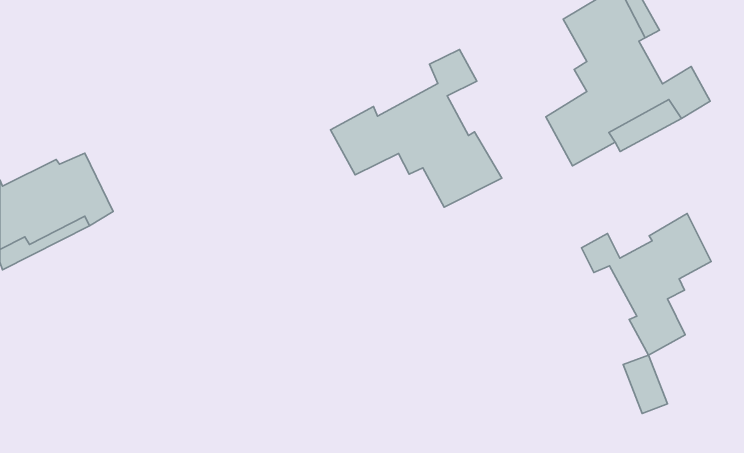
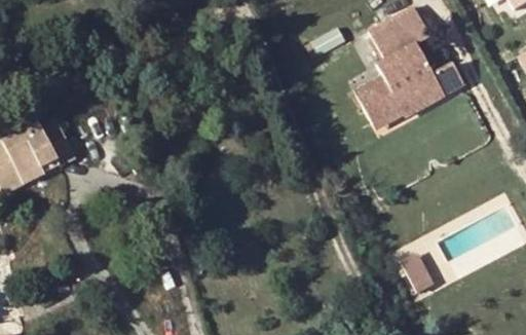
building: [330,49,502,207] -> none
building: [582,214,711,355] -> none

